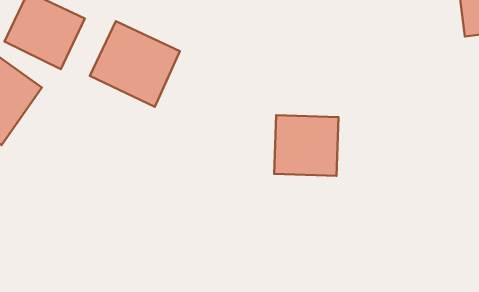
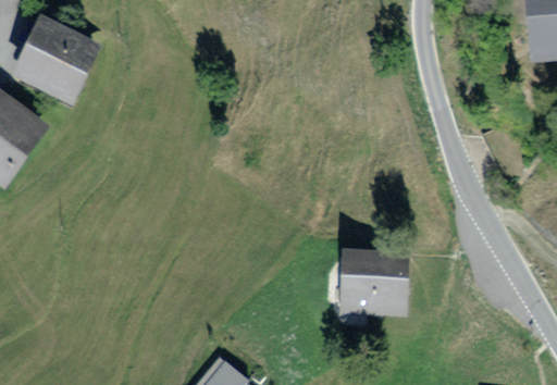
building: [90,21,180,107] -> none
building: [274,115,339,176] -> [339,250,412,319]

